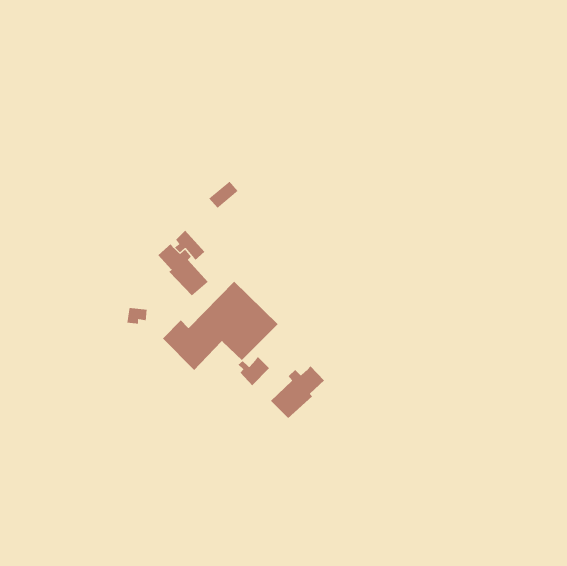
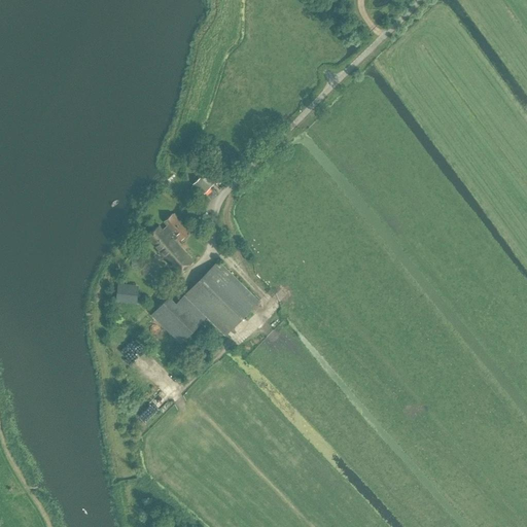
building: [237,356,270,386] -> none
building: [270,365,325,419] -> none

